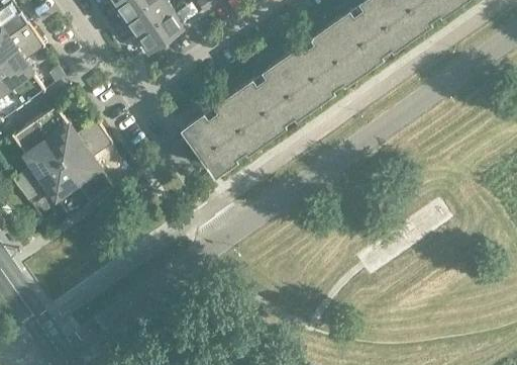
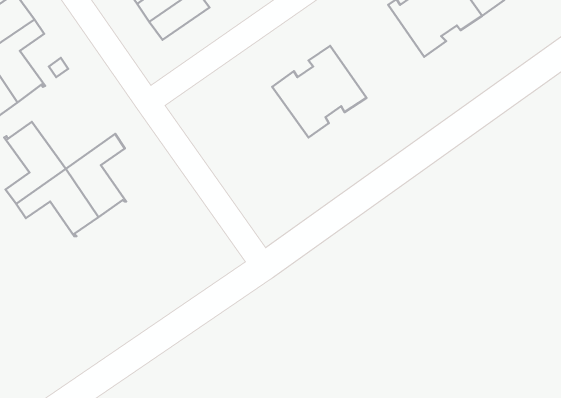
building: [285,24,364,102] -> none
building: [182,93,267,176] -> none
building: [35,105,105,162] -> none

